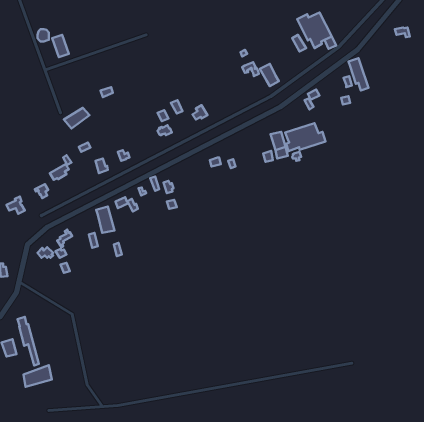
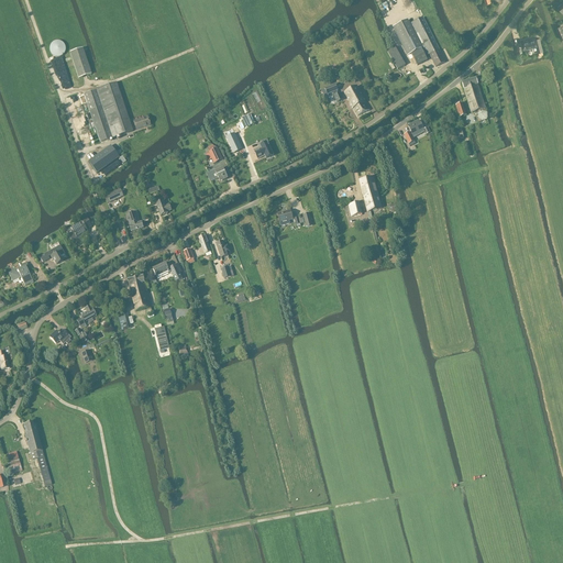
building: none -> [85,81,133,140]
building: [285,123,326,151] -> none
building: [24,365,52,387] -> none

